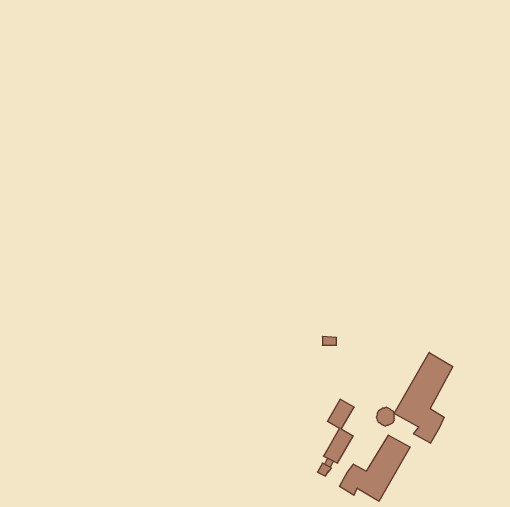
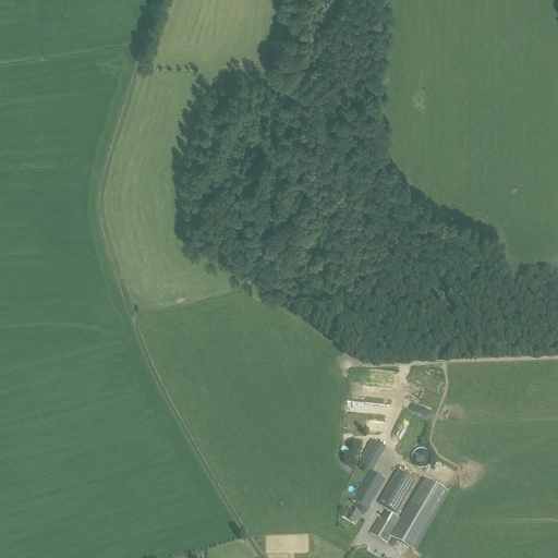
building: [394,352,453,443] -> none
building: none -> [379,468,415,511]

